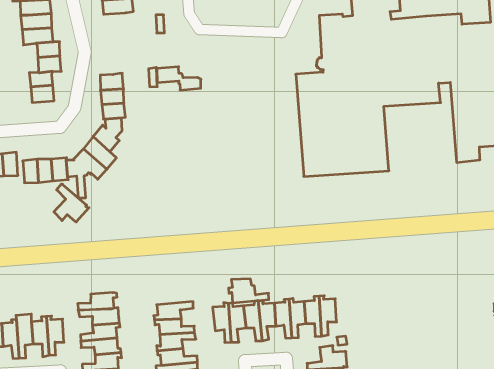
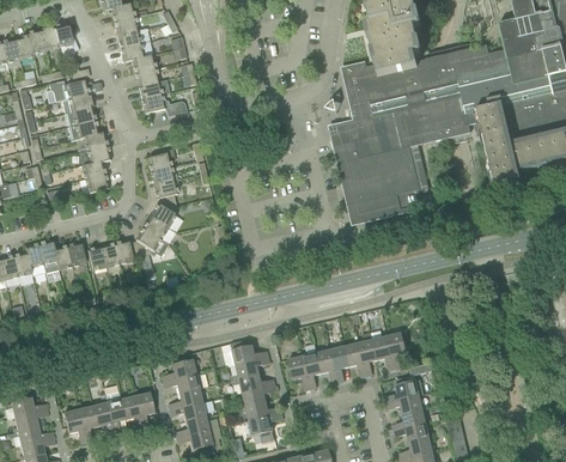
building: [157,67,201,90] -> [141,96,185,117]
building: [54,184,89,222] -> none
building: [229,279,269,303] -> [229,340,268,365]

